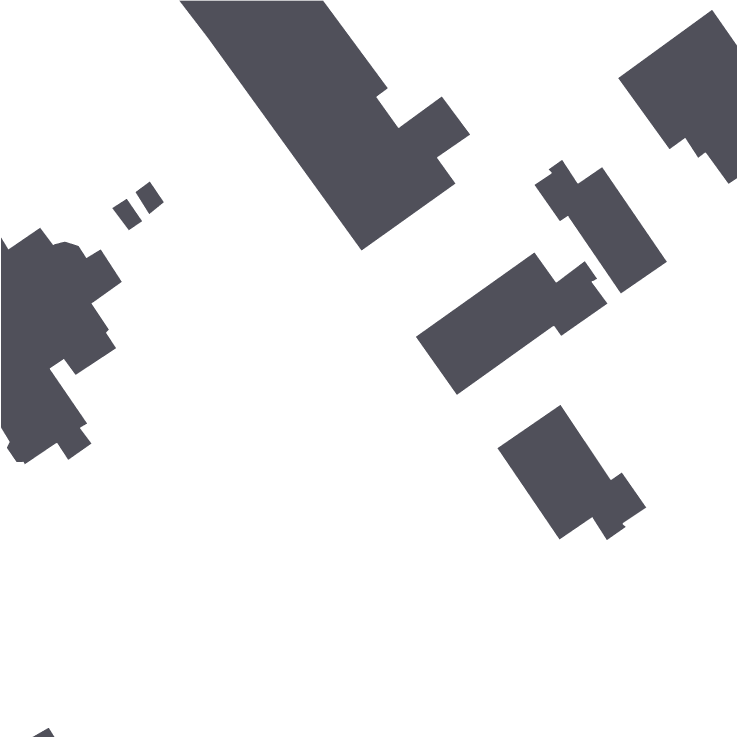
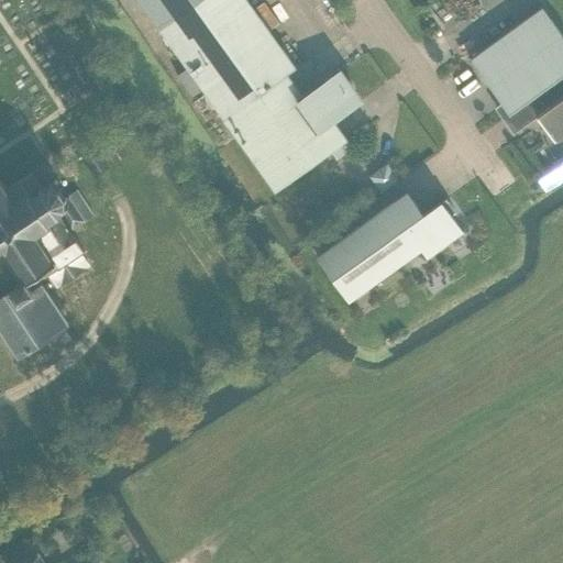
building: [533,159,668,295] -> none
building: [497,404,647,541] -> none

